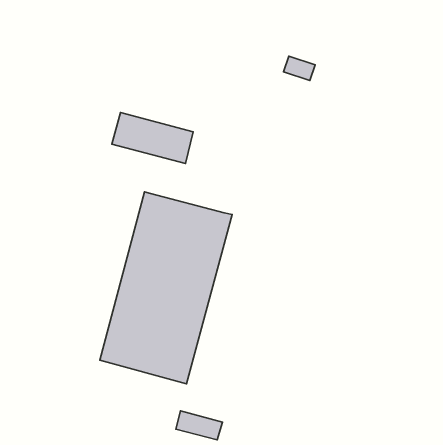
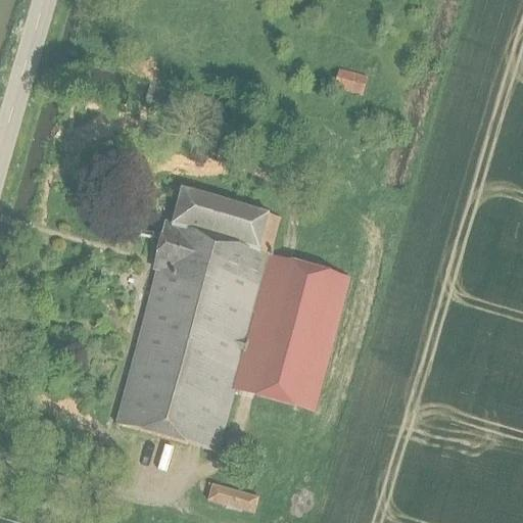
building: [112,113,193,163] -> [176,189,271,248]
building: none -> [234,250,349,409]

